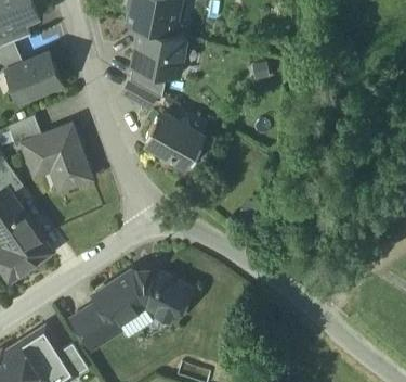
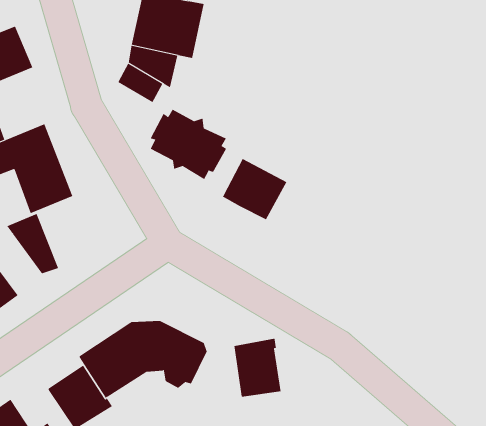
building: none -> [222,158,287,220]
building: none -> [6,213,59,274]
building: none -> [234,338,281,397]

